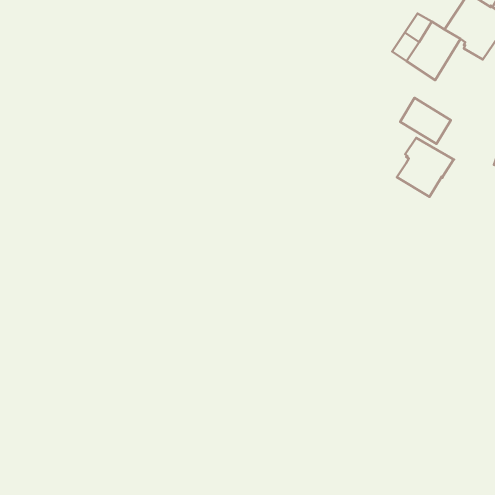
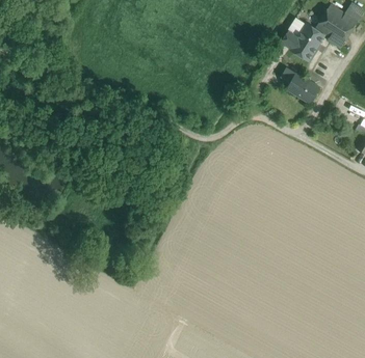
building: [397,138,454,197] -> none

